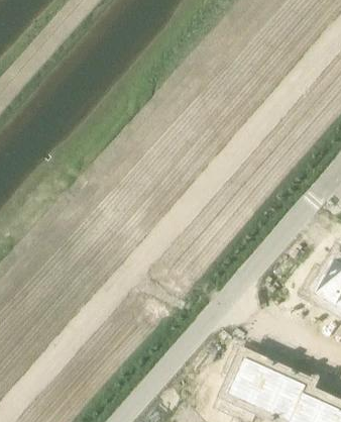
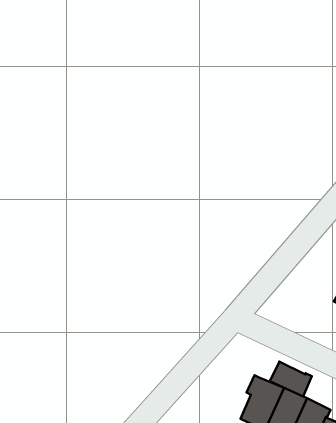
building: none -> [270,362,312,396]

